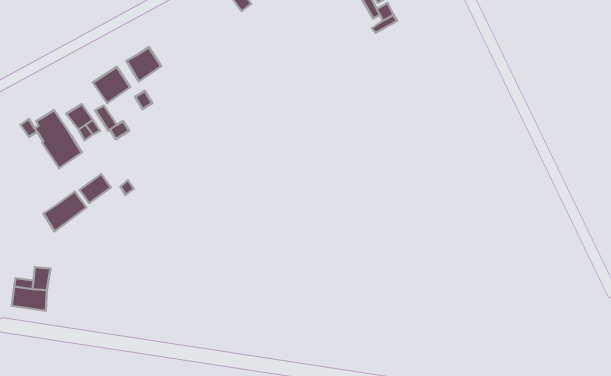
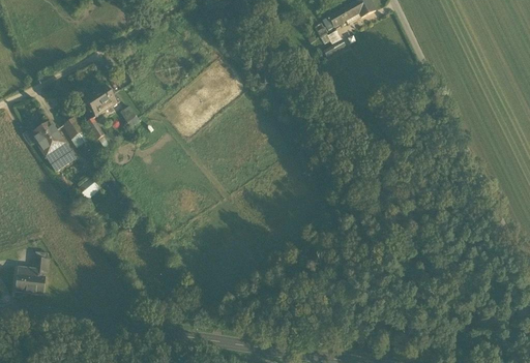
building: [127,47,161,82] -> none
building: [43,191,87,232] -> none

